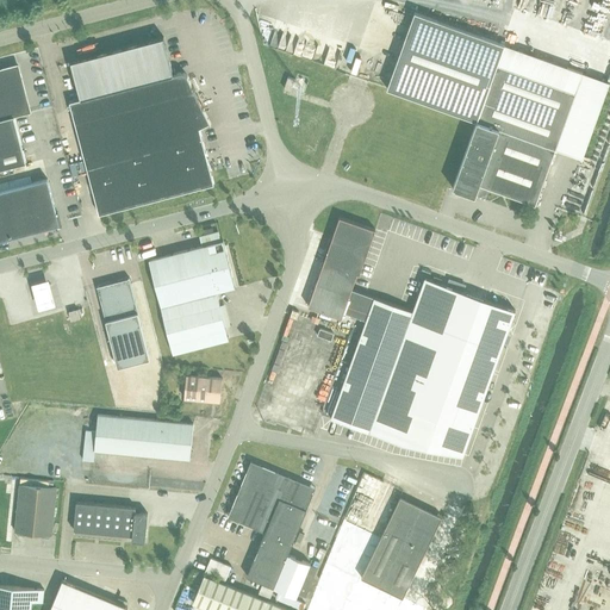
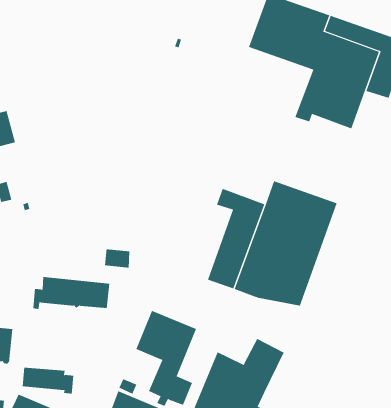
building: [68,39,212,216] -> none
building: [306,219,374,320] -> none
building: [148,234,234,355] -> none
building: [95,280,149,369] -> none
building: [73,504,147,542] -> [22,367,74,394]

